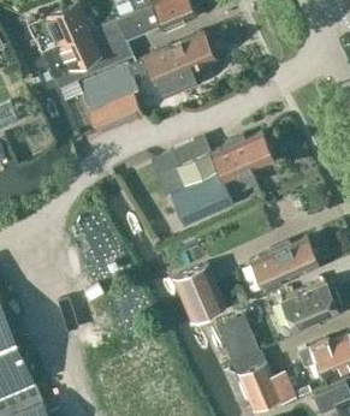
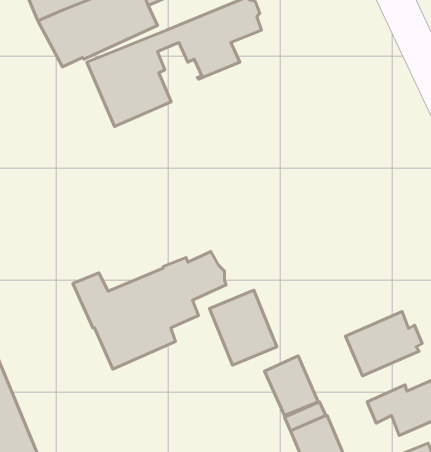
building: [154,133,274,226] -> [73,251,226,369]
building: [253,238,320,290] -> none

